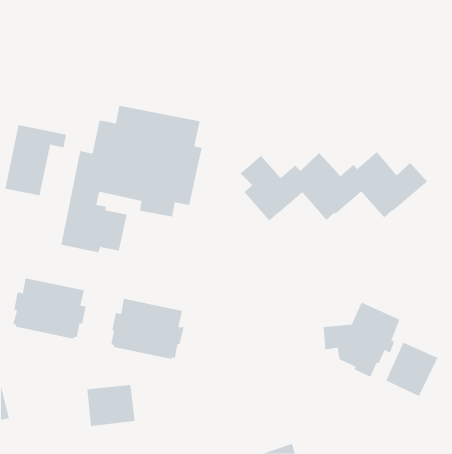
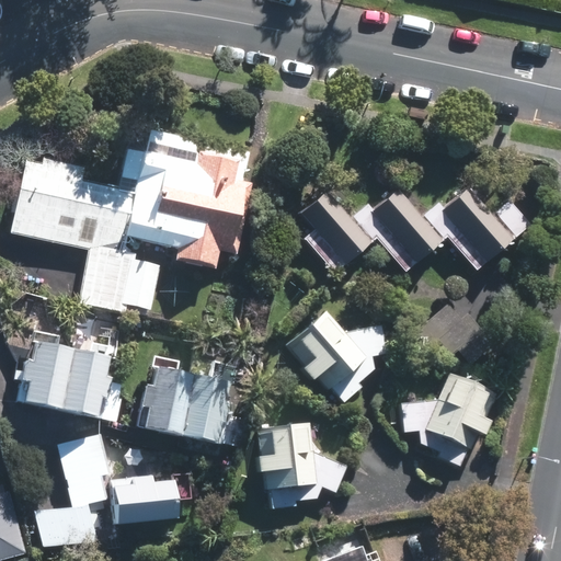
building: none -> [286,309,387,401]
building: [385,342,438,397] -> none
building: none -> [255,421,346,506]
building: none -> [57,431,112,547]

